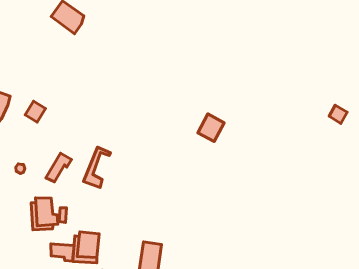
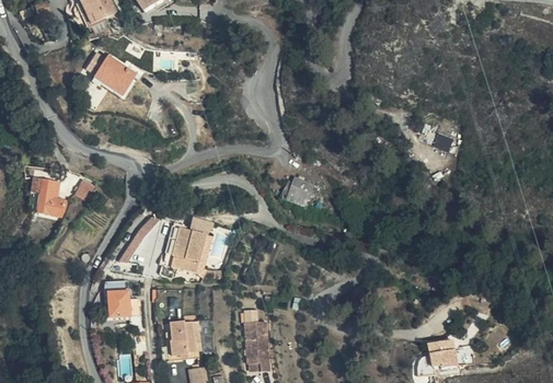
building: none -> [171,228,205,274]
building: [51,244,74,261] -> none

